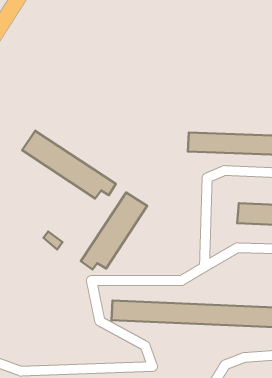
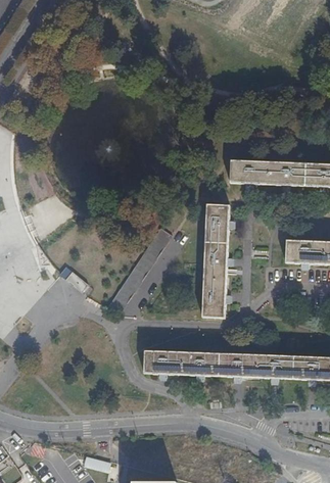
building: [22,131,116,199] -> none
building: none -> [201,203,229,319]

